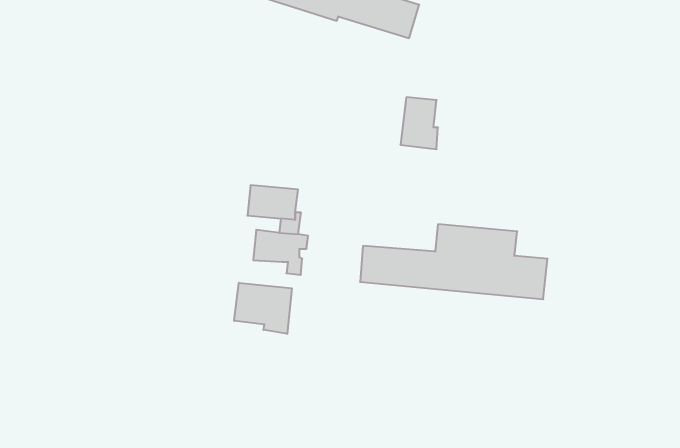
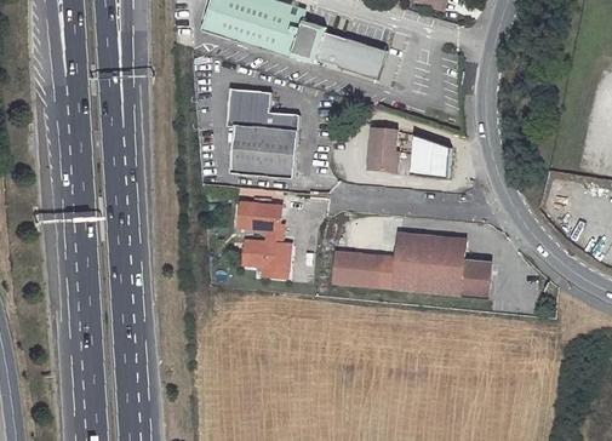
building: none -> [225,88,298,177]
building: none -> [411,134,450,178]
building: [234,283,292,334] -> none

